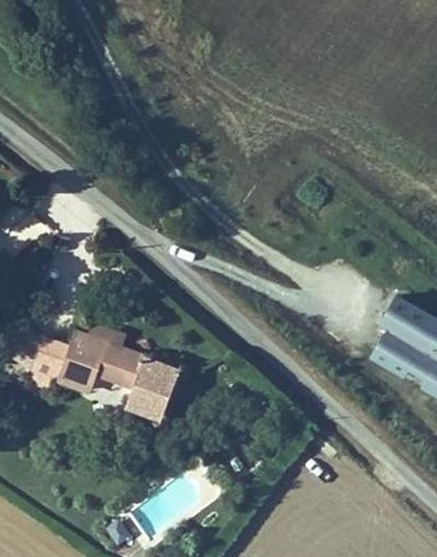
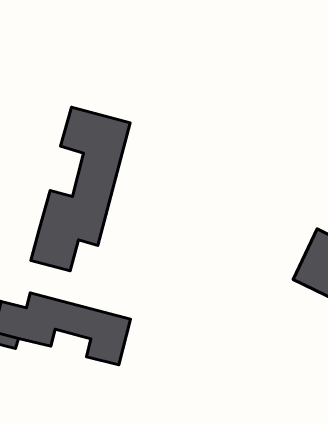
building: none -> [31,107,130,271]

